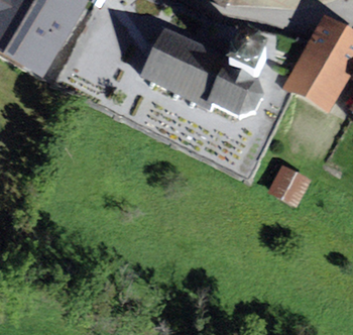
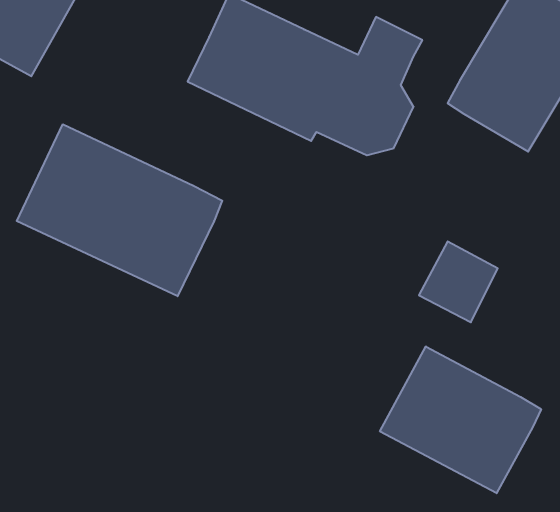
building: none -> [17,124,222,296]
building: none -> [380,346,541,493]

